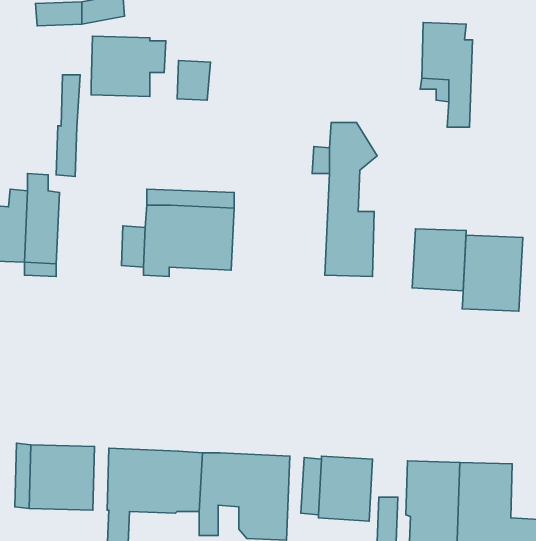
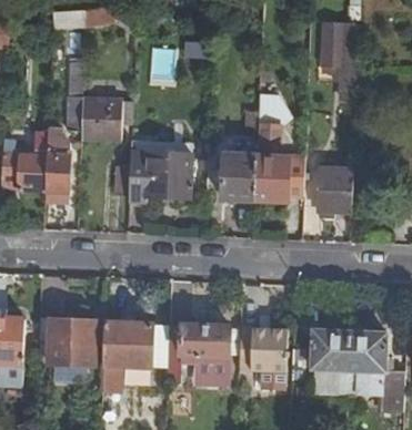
building: [91,36,166,96] -> [81,98,133,140]
building: none -> [222,154,258,201]
building: [462,235,523,311] -> none

